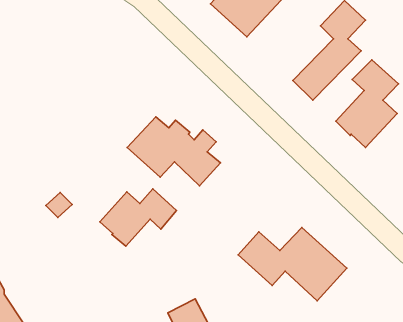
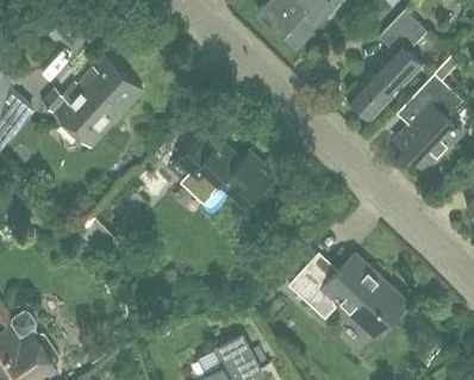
building: none -> [42,57,142,148]
building: [100,189,177,246] -> none

